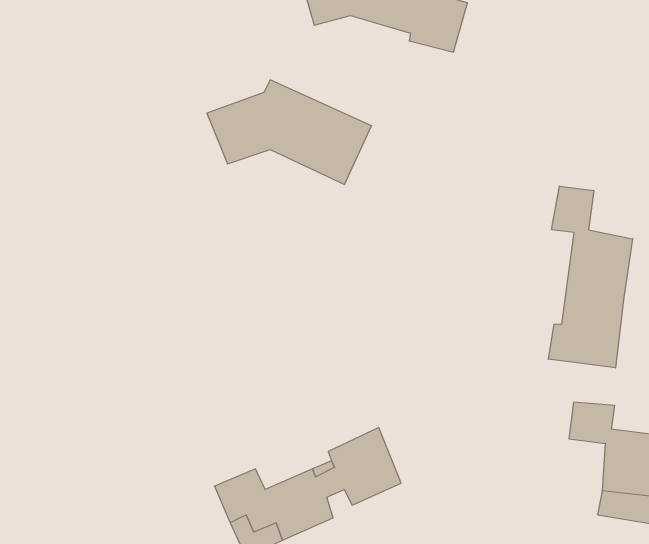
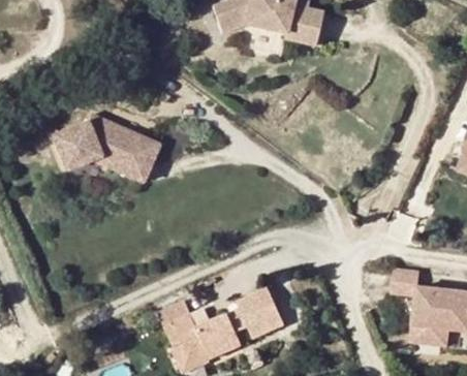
building: [207,80,372,184] -> [51,114,158,182]
building: [548,186,633,368] -> none

